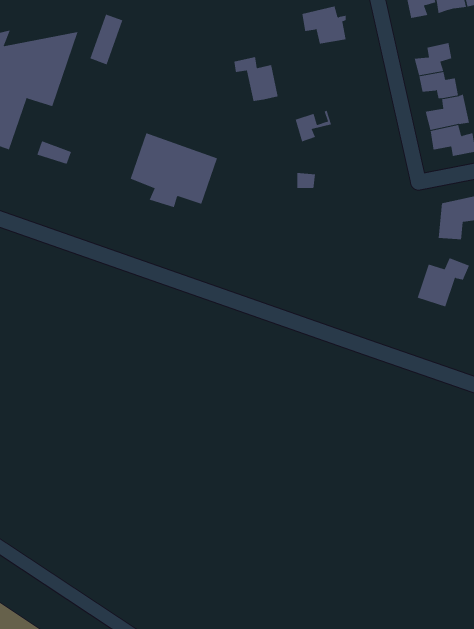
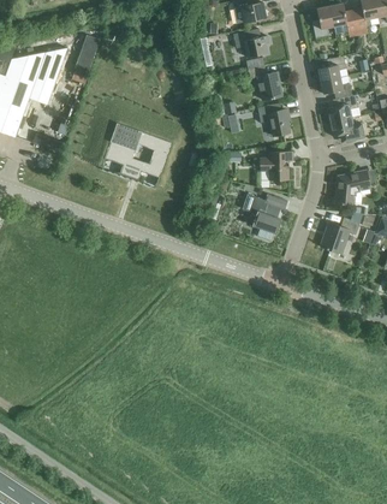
building: [233,57,278,101] -> [248,65,281,99]
building: none -> [257,102,290,136]
building: none -> [260,150,292,179]
building: none -> [242,194,287,241]

